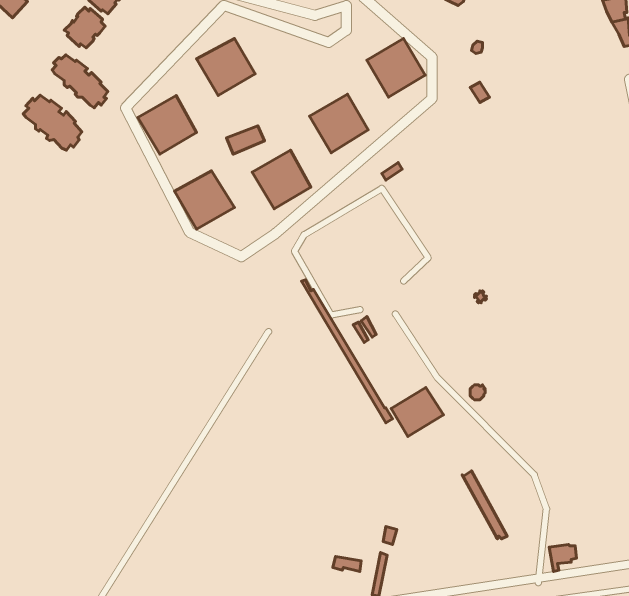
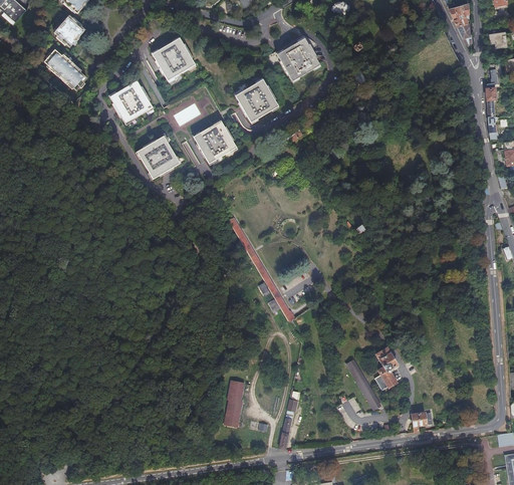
building: [23,95,82,150] -> none
building: [391,388,443,437] -> none
building: none -> [374,345,398,388]
building: none -> [226,379,248,426]

